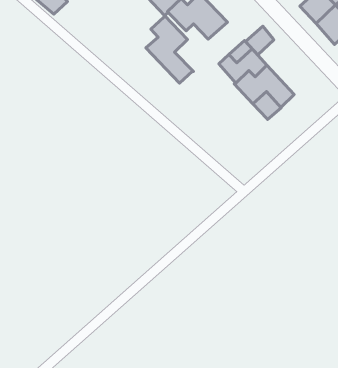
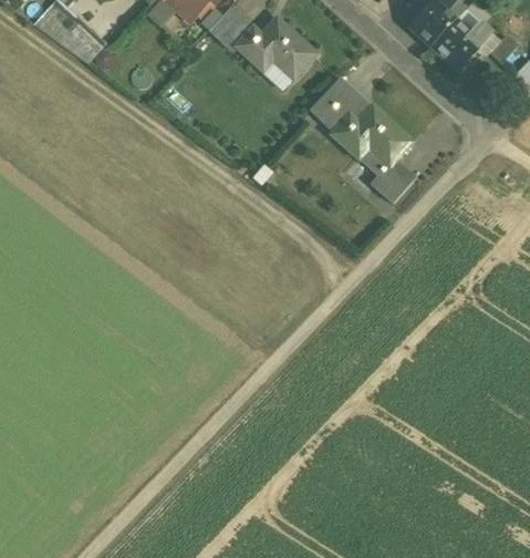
building: [146,15,193,83] -> none
building: [246,26,274,55] -> none
building: none -> [371,158,415,203]

